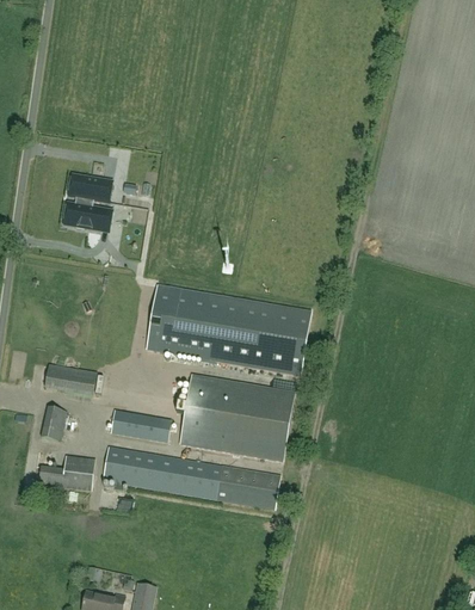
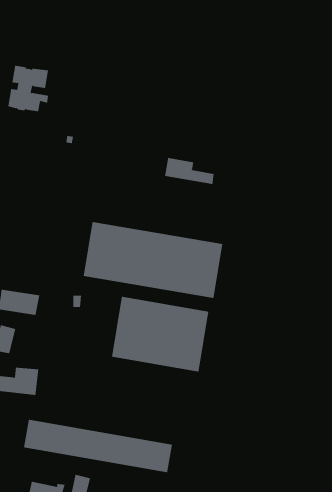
building: [63,174,112,229] -> [7,65,49,112]
building: none -> [164,157,214,185]
building: [111,409,171,442] -> none
building: [103,445,279,509] -> [23,419,173,473]

